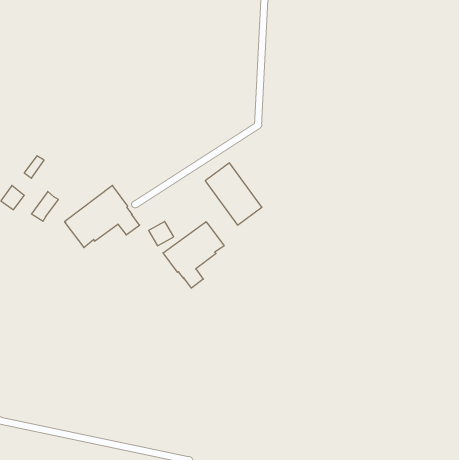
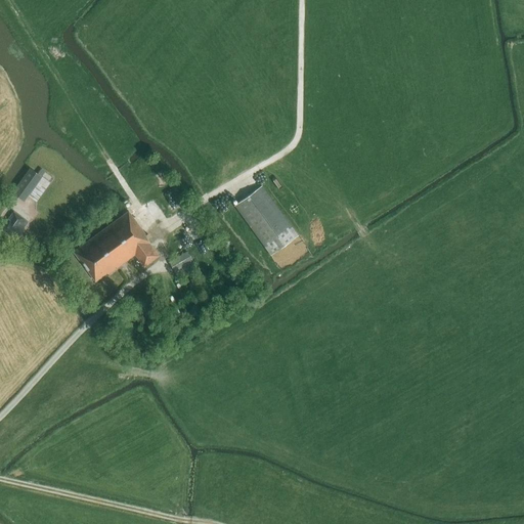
building: [31,191,58,221] -> [12,168,43,202]
building: [163,222,224,288] -> none

